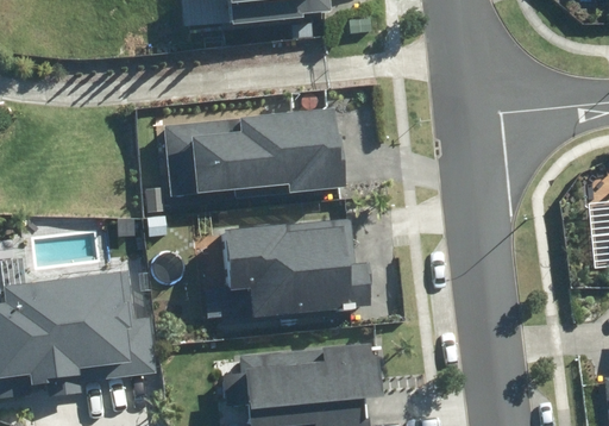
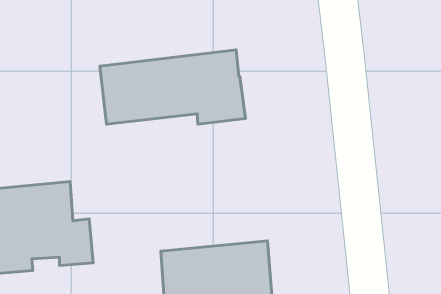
building: [220,223,369,318] -> none

